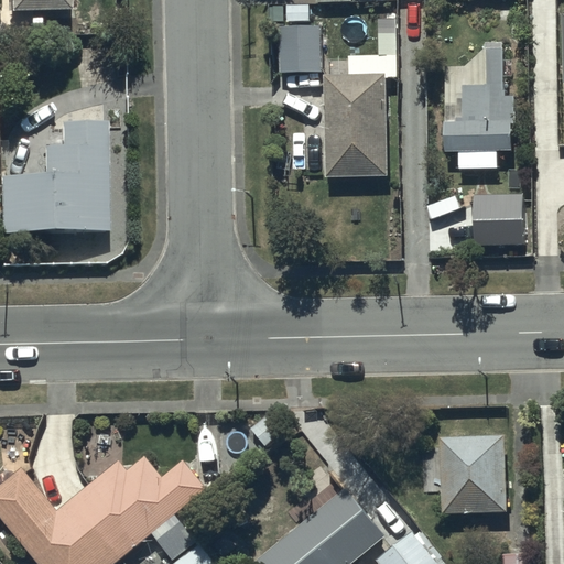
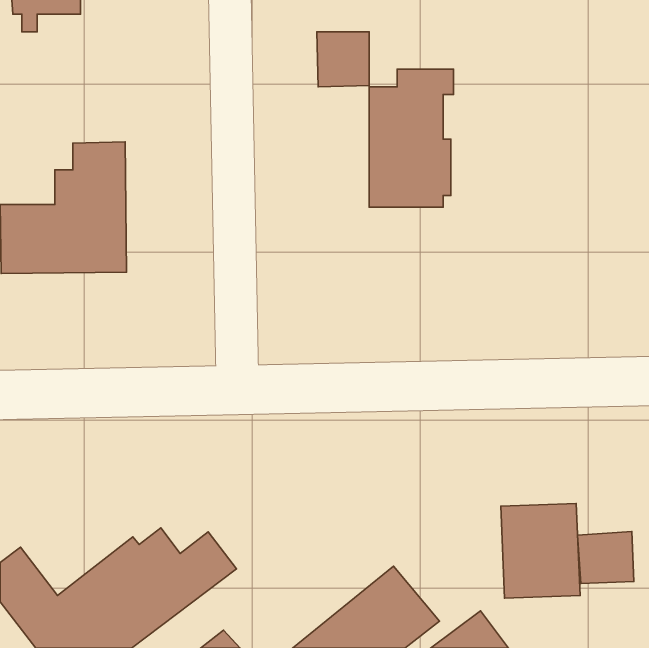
building: [437,47,513,166] -> none
building: [473,200,527,246] -> none
building: none -> [577,532,634,584]

